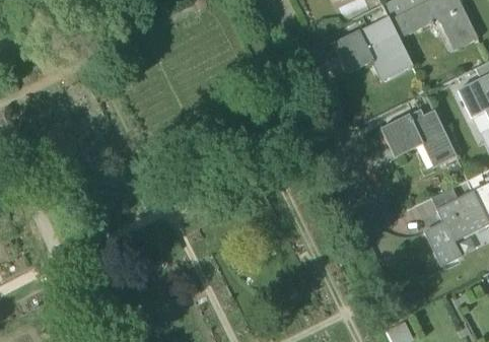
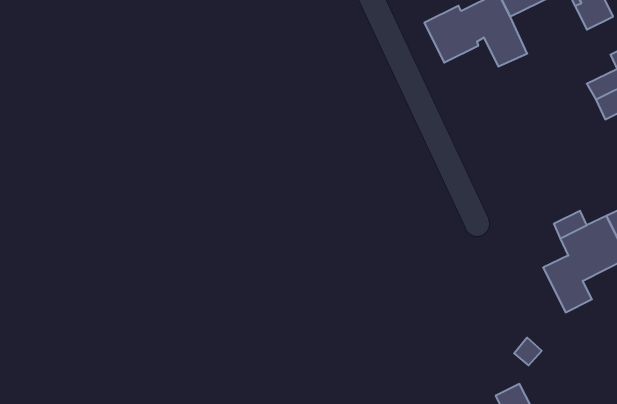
building: [380,111,455,164] -> none

